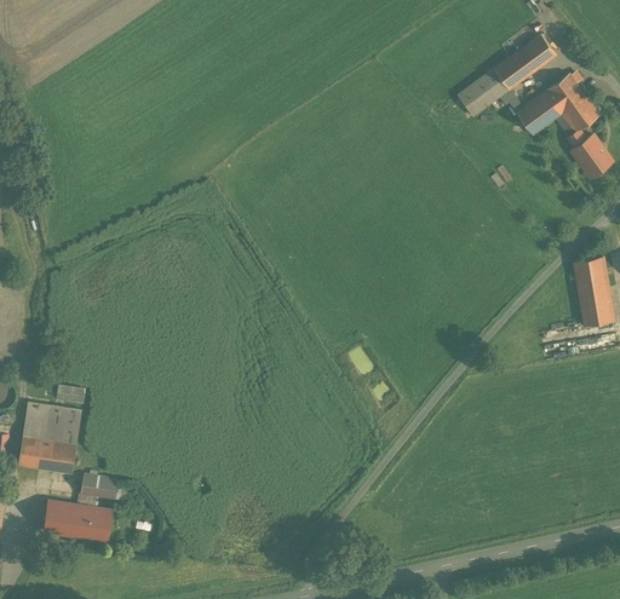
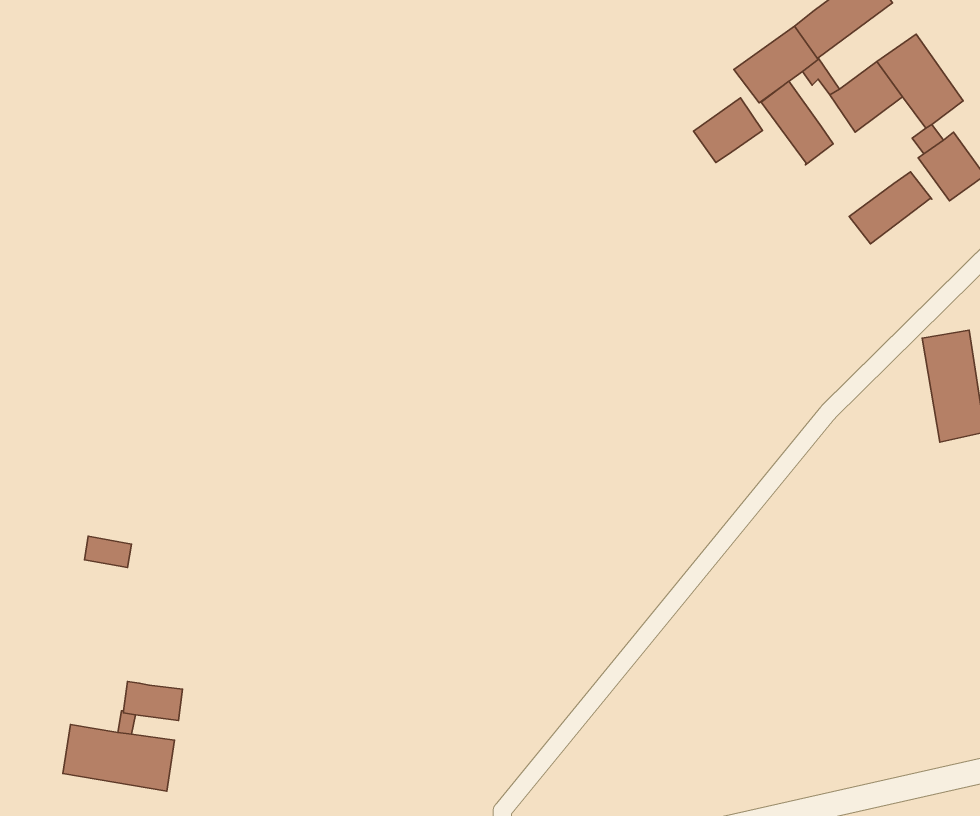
building: none -> [761,81,833,165]
building: none -> [693,98,763,163]
building: none -> [849,172,932,244]
building: [19,402,82,472] -> none

